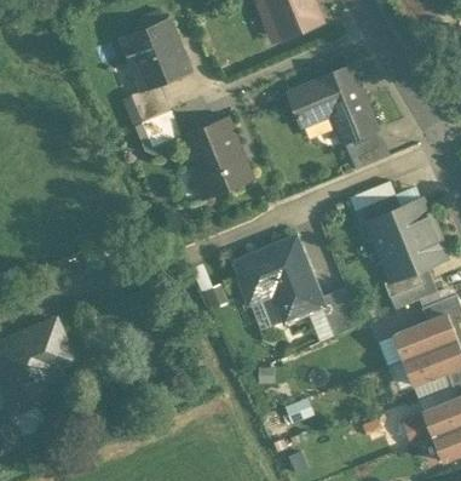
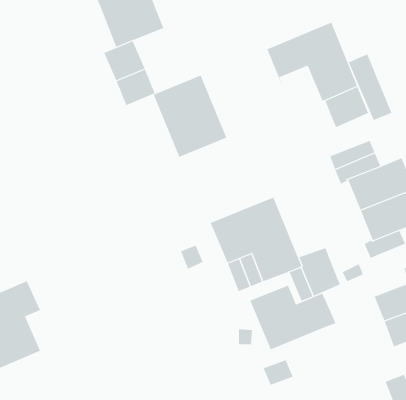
building: none -> [348,53,392,121]
building: none -> [250,285,336,350]

